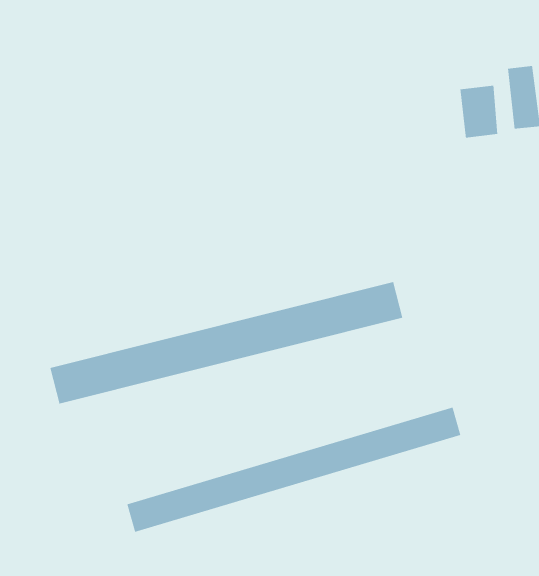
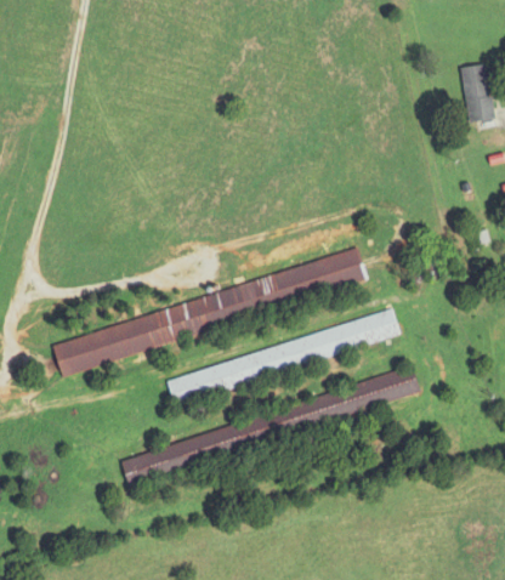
building: [460,85,498,138] -> none
building: none -> [165,312,399,402]

